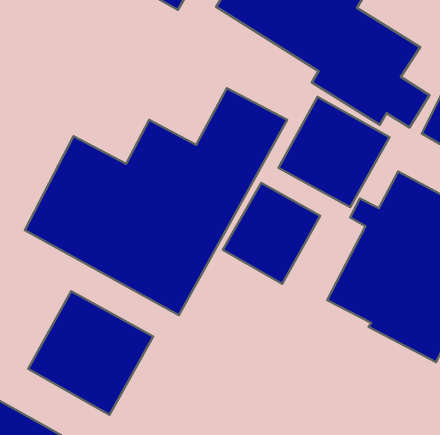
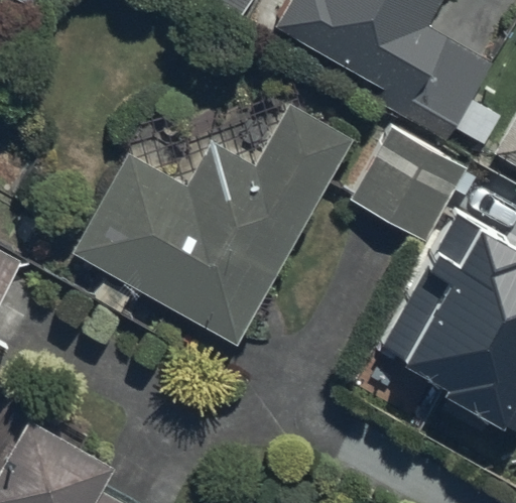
building: [223,183,320,284] -> none
building: [28,291,153,415] -> none

